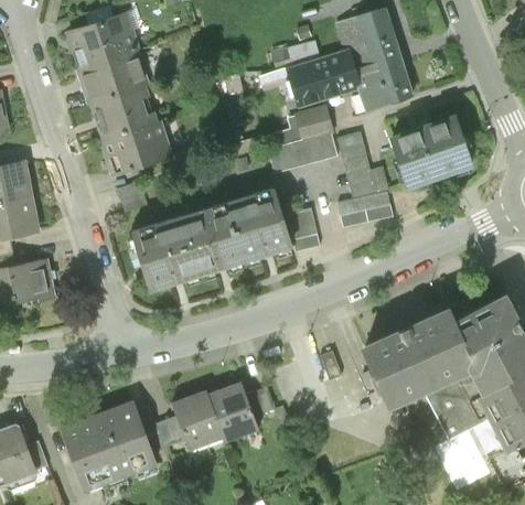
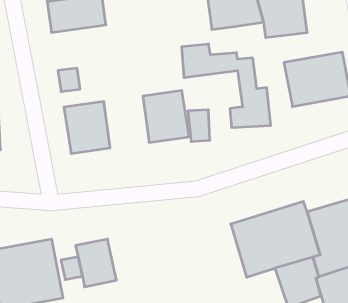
building: [292,100,333,140] -> none
building: [99,122,178,180] -> none
building: [178,204,242,275] -> none
building: [210,379,262,442] -> none

